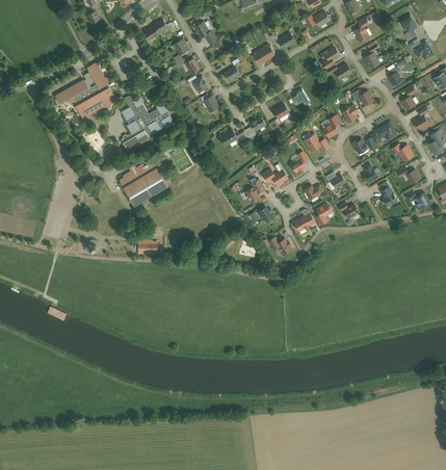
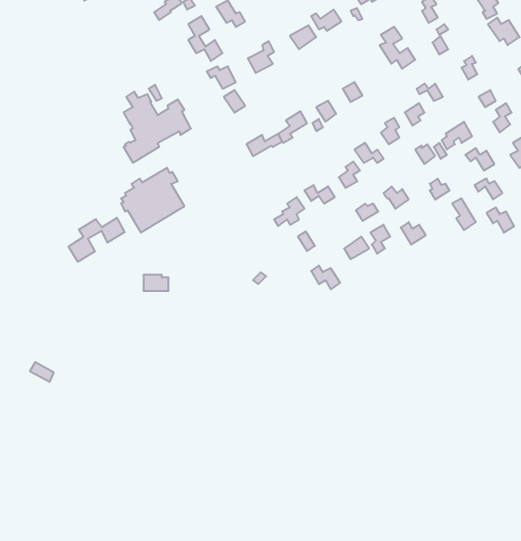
building: [54,73,115,124] -> none
building: none -> [69,218,125,262]

